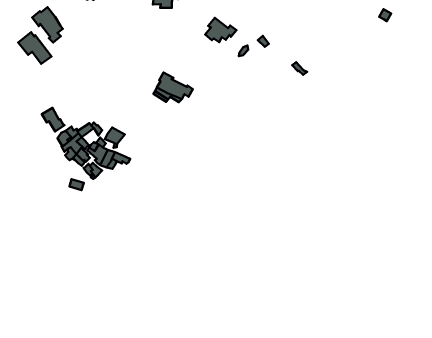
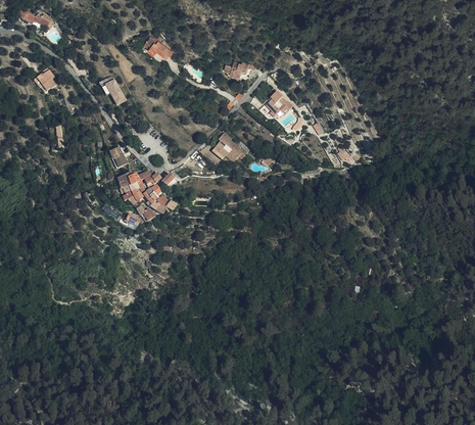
building: [32,7,63,42] -> none

